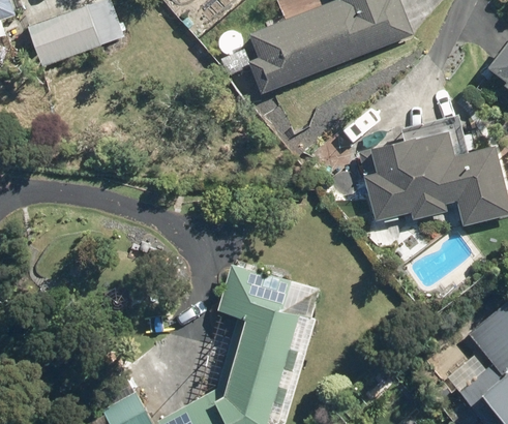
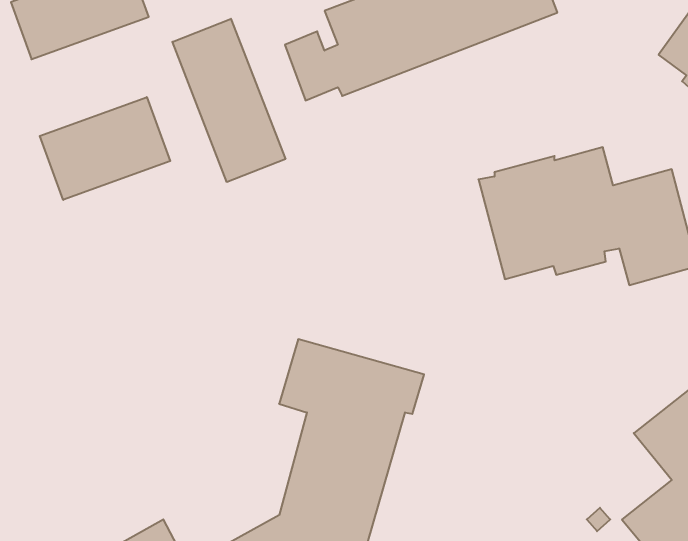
building: none -> [172,19,285,182]
building: none -> [40,97,170,200]

